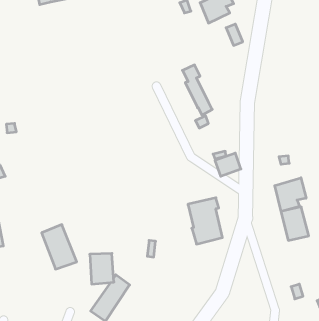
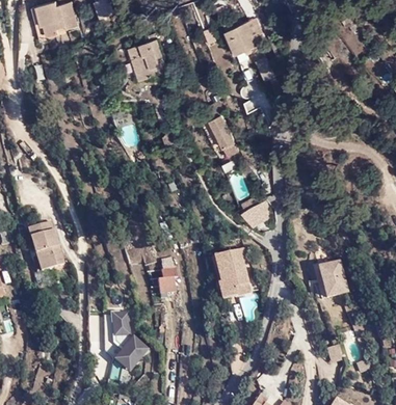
building: none -> [129,37,169,81]
building: [275,178,306,212] -> none
building: none -> [156,249,176,292]
building: [42,225,77,269] -> [26,223,65,273]

